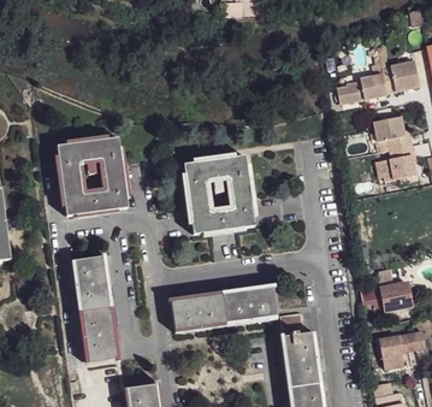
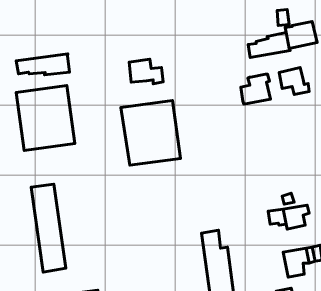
building: none -> [16,54,69,75]
building: none -> [129,59,163,84]
building: [379,144,415,181] -> [241,74,271,104]
building: [170,287,276,329] -> none

